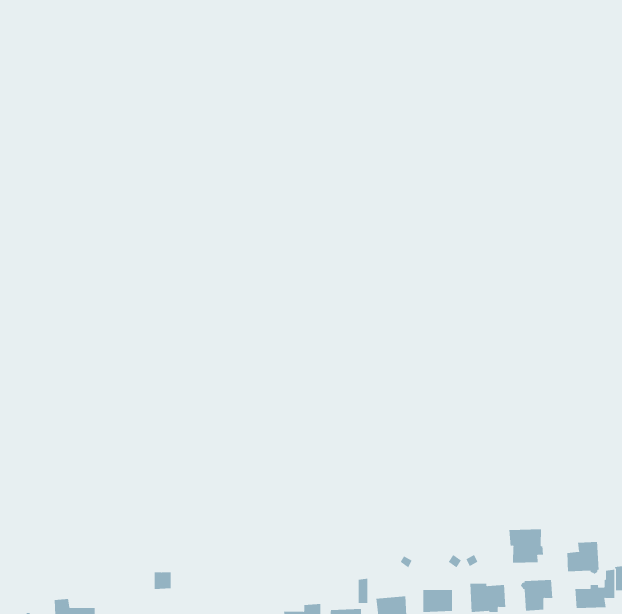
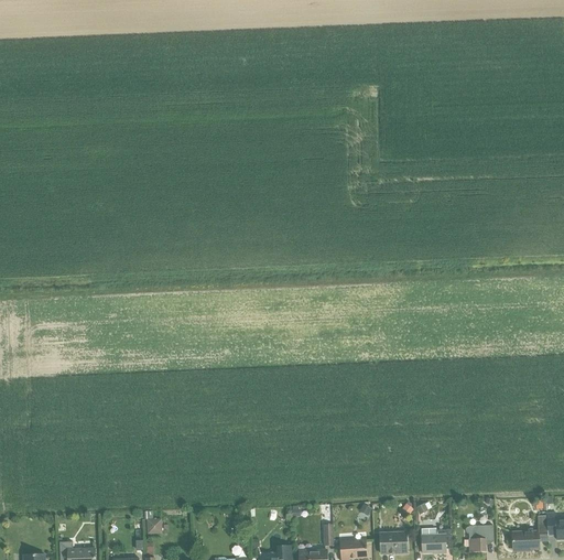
building: [509,528,543,563] -> none
building: [567,541,599,575] -> none

